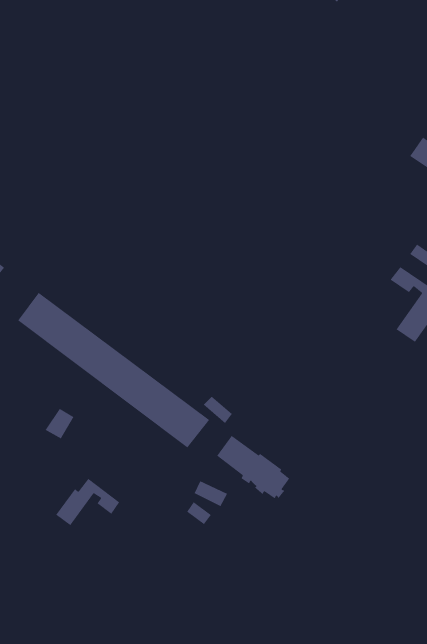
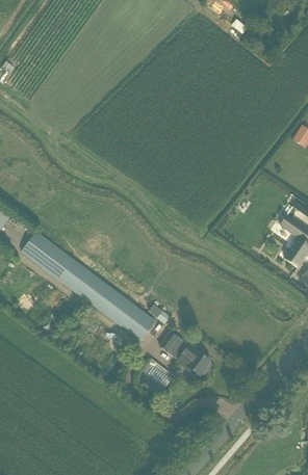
building: [55,478,120,526] -> none

